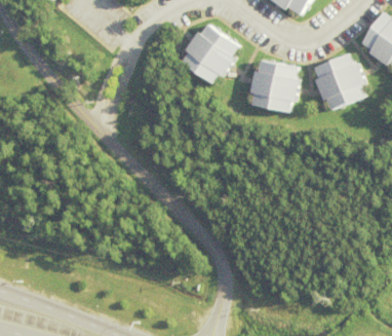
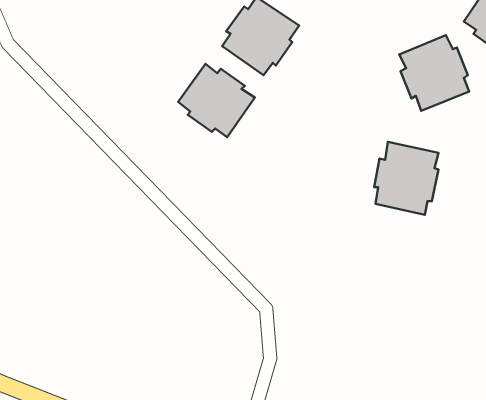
building: [250,59,299,113] -> [374,142,439,215]
building: none -> [178,64,255,137]

